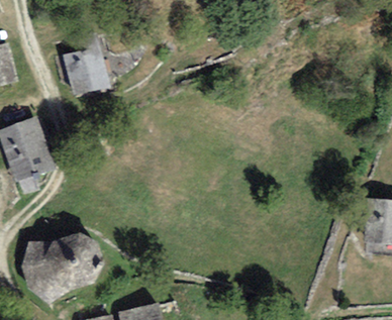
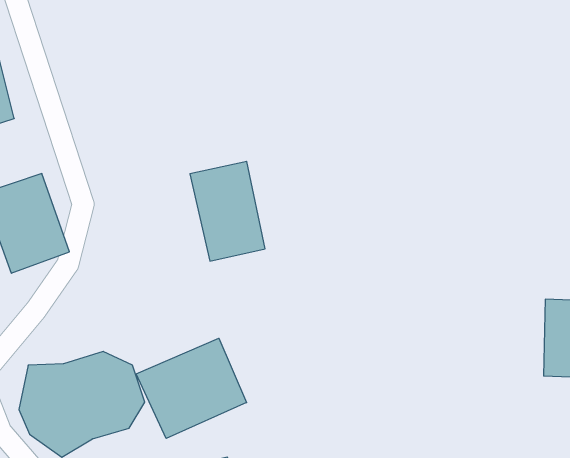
building: [60,30,109,96] -> [190,161,265,261]
building: none -> [136,338,247,438]

